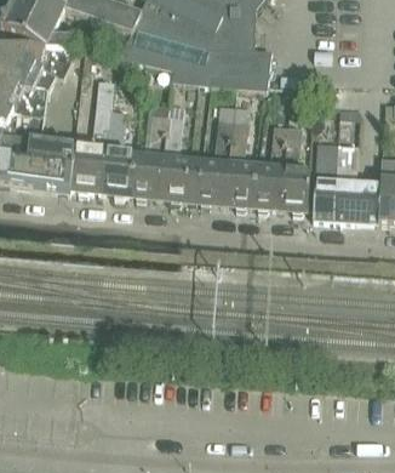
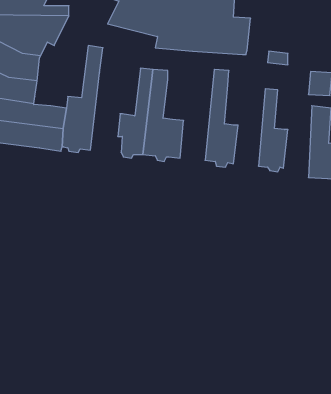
building: [196,104,233,206] -> none
building: [101,109,134,198] -> none
building: [253,125,287,211] -> none
building: [311,143,337,221] -> none

